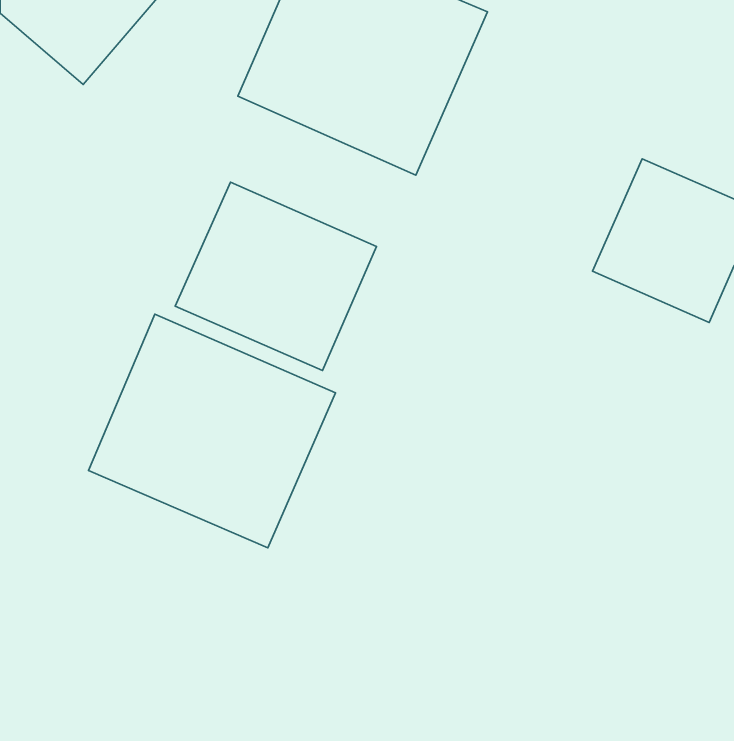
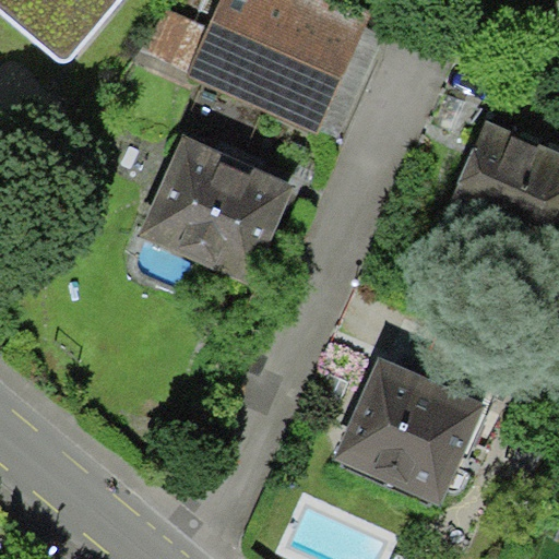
building: [88,314,335,548] -> none
building: none -> [332,357,480,501]

